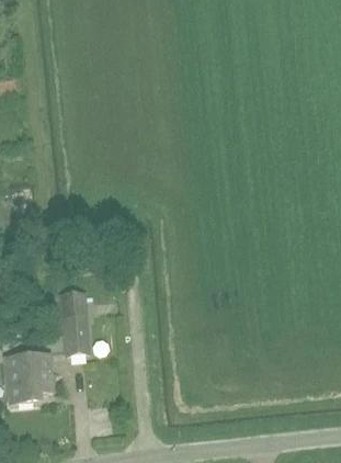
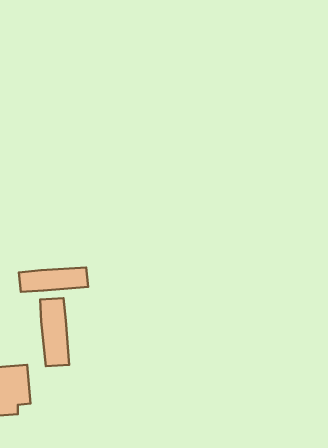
building: none -> [19,268,88,292]

